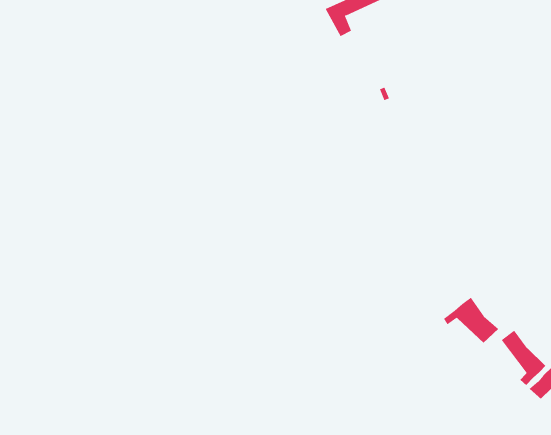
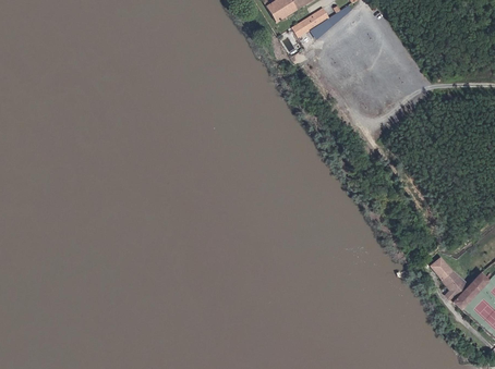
building: [443,297,499,344] -> none

